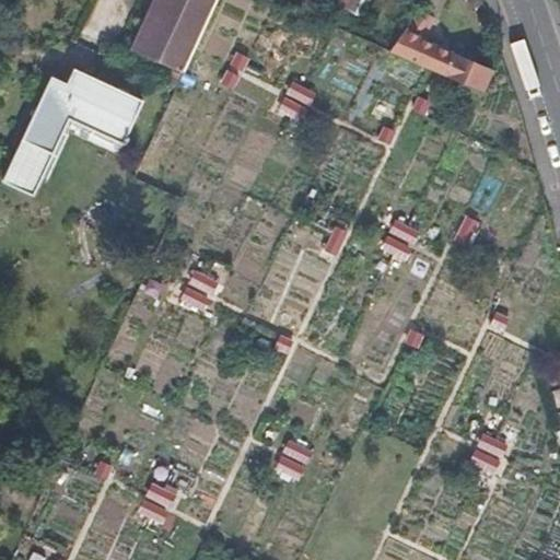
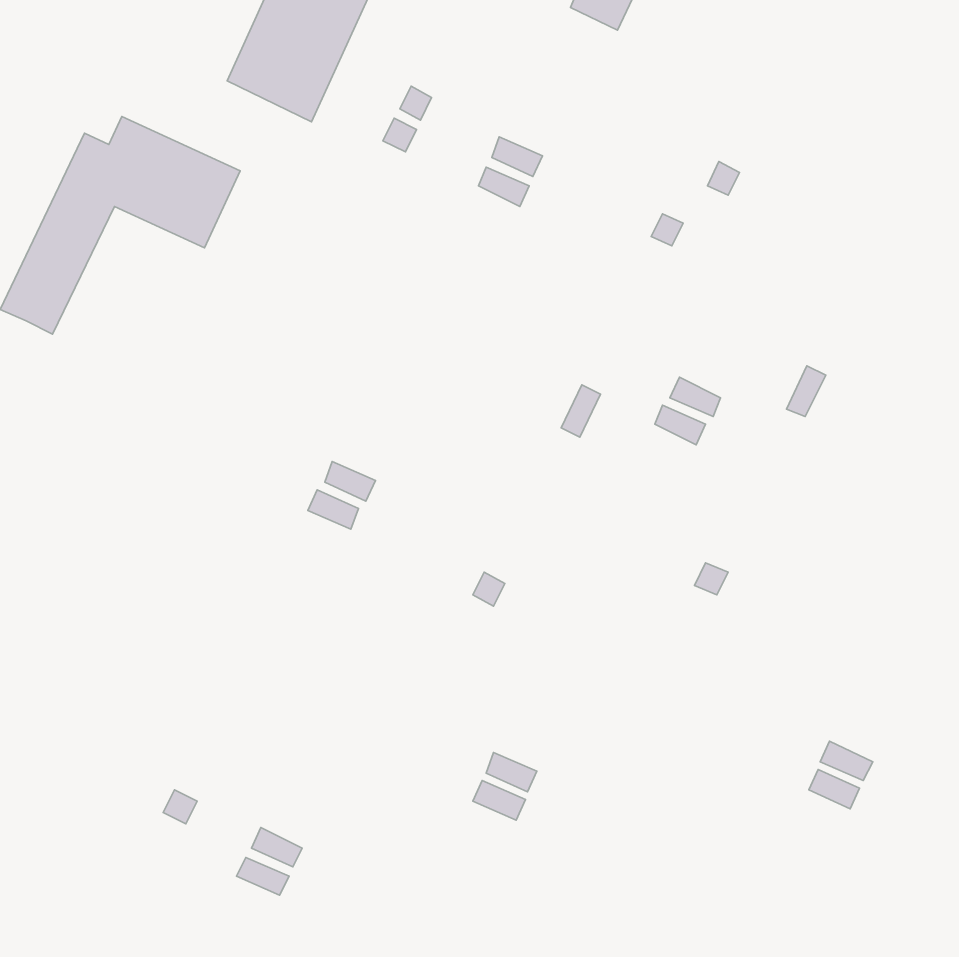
building: [389,4,491,86] -> none

